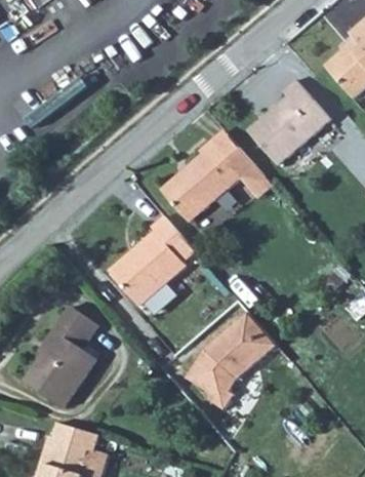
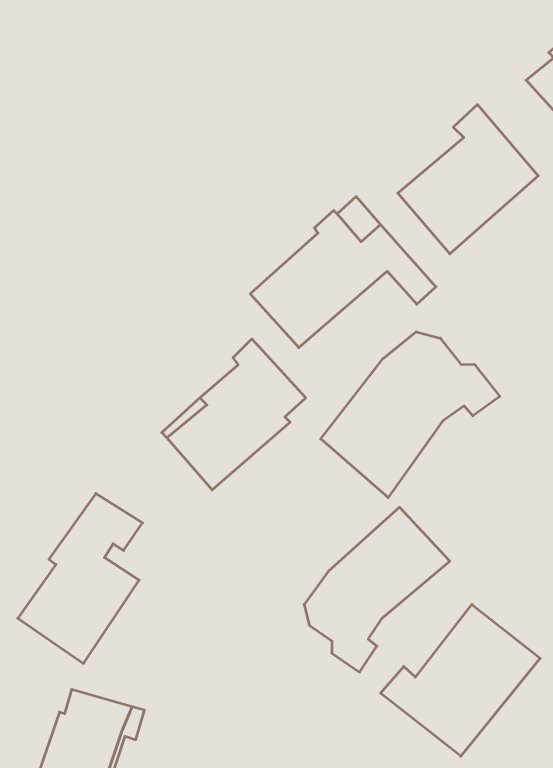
building: none -> [321,332,500,498]
building: none -> [381,604,540,756]

